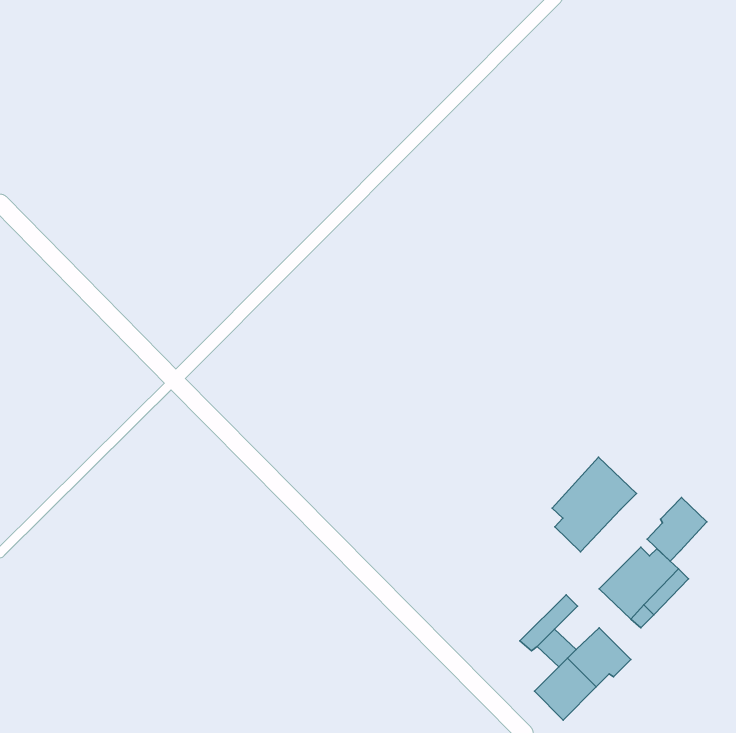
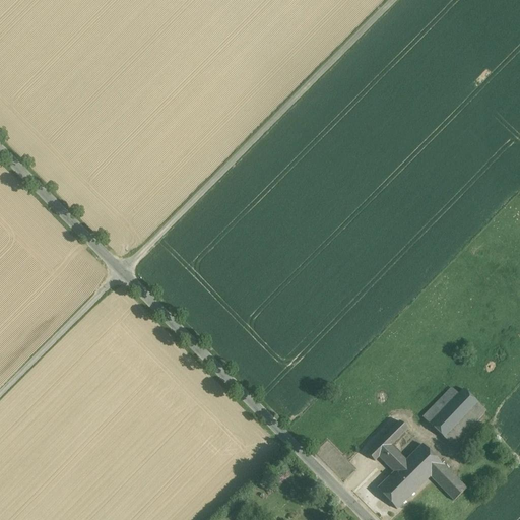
building: [552,457,637,552] -> none
building: [647,497,707,561] -> none
building: none -> [433,465,466,499]

